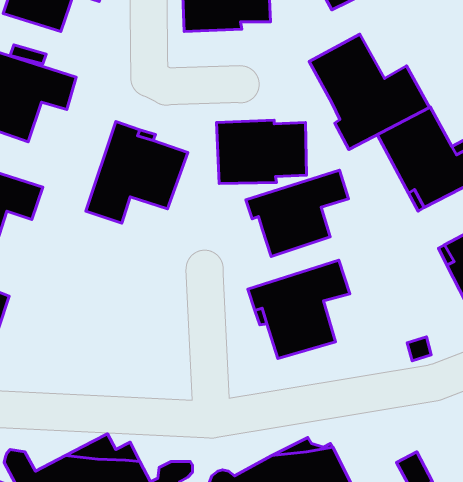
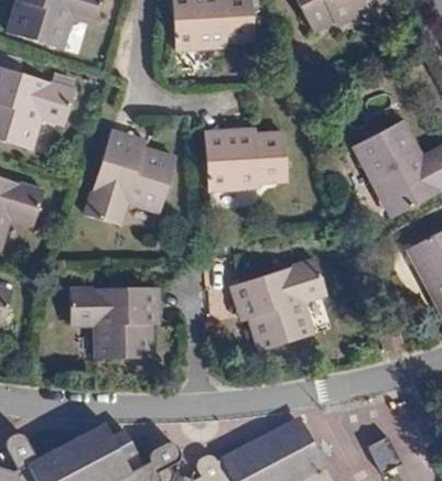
building: [309,34,429,149] -> none
building: [246,170,349,257] -> none
building: none -> [71,287,159,360]

